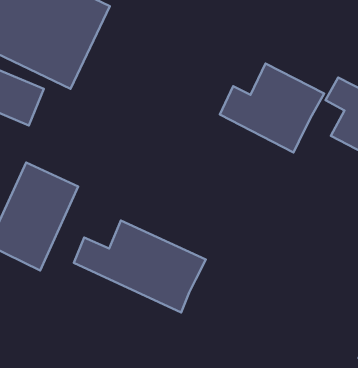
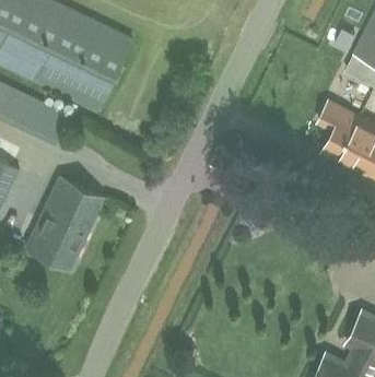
building: [220,64,324,152] -> none
building: [74,220,206,312] -> none

